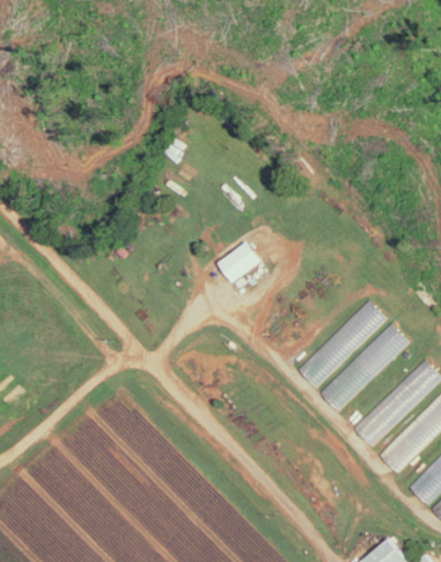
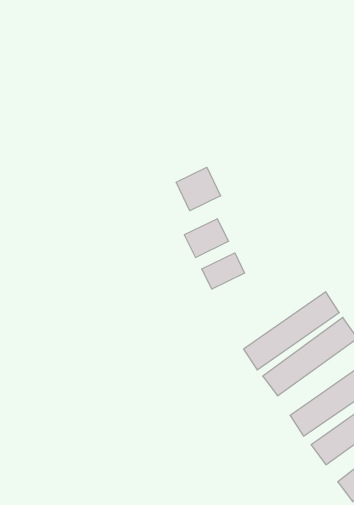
building: none -> [176,167,221,211]
building: none -> [202,253,244,289]

